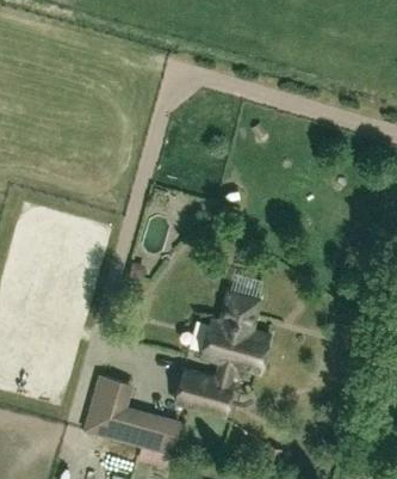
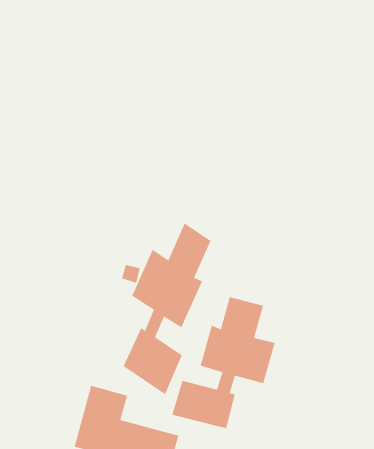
building: none -> [123,223,211,395]

